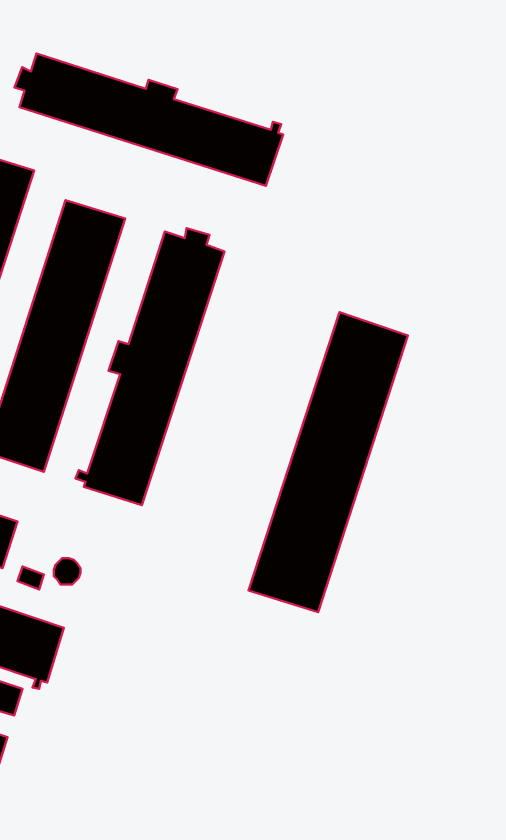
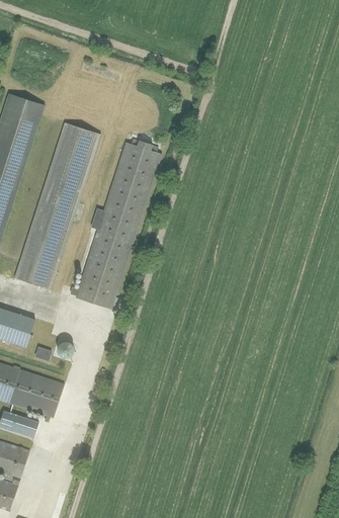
building: [15,54,283,186] -> none
building: [249,312,408,612] -> none

